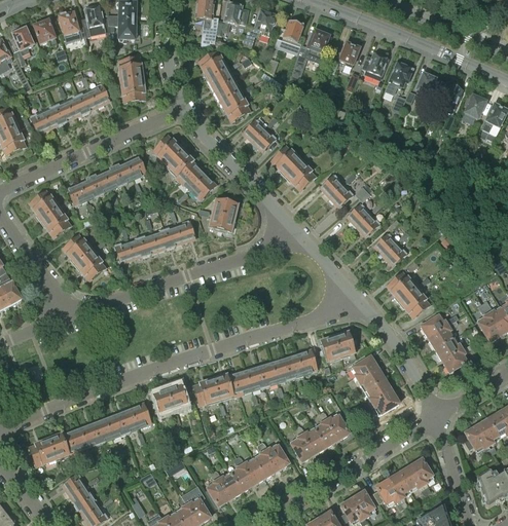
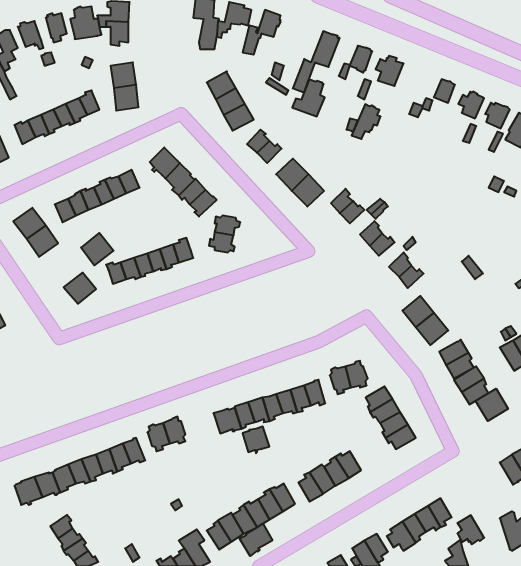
building: [274,21,303,54] -> [292,80,325,116]
building: [198,51,231,76] -> none
building: [384,62,410,93] -> [352,104,381,139]
building: [63,234,93,264] -> [81,233,114,265]
building: none -> [476,389,508,421]
building: [194,380,219,405] -> [243,426,269,453]
building: [464,425,488,452] -> [457,515,484,544]
building: none -> [240,524,272,556]

